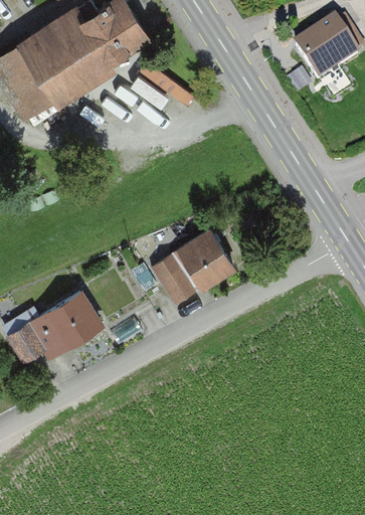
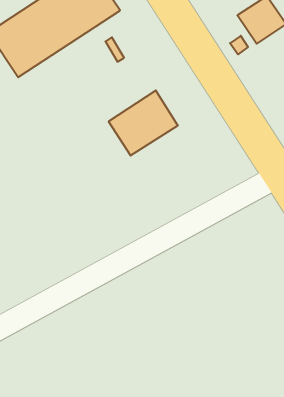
building: [151,224,236,305] -> [109,90,178,156]
building: [13,290,105,358] -> none

